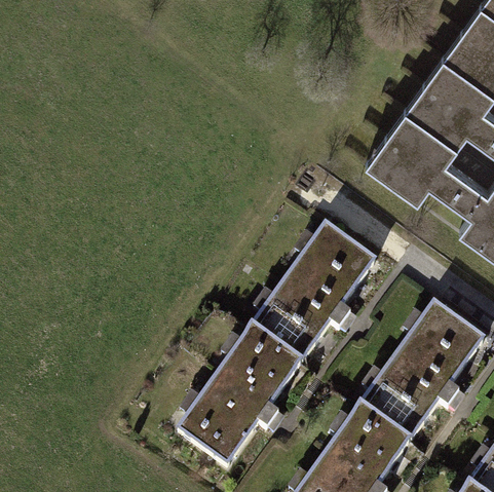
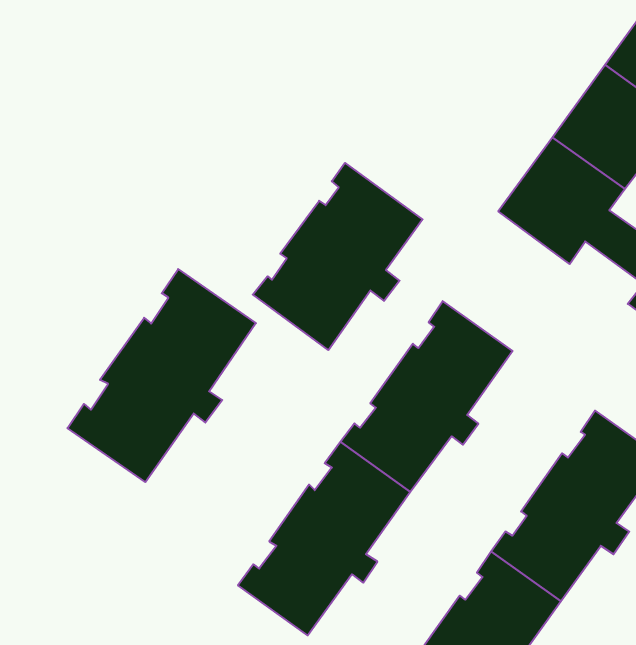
building: none -> [253,163,423,350]
building: none -> [67,269,256,482]

